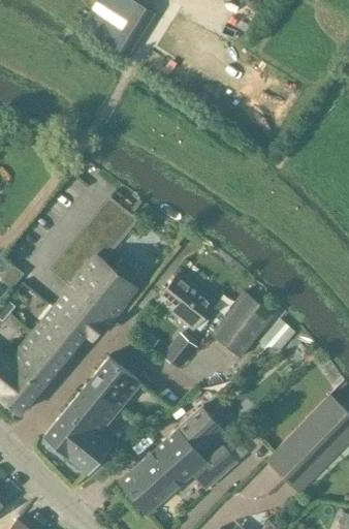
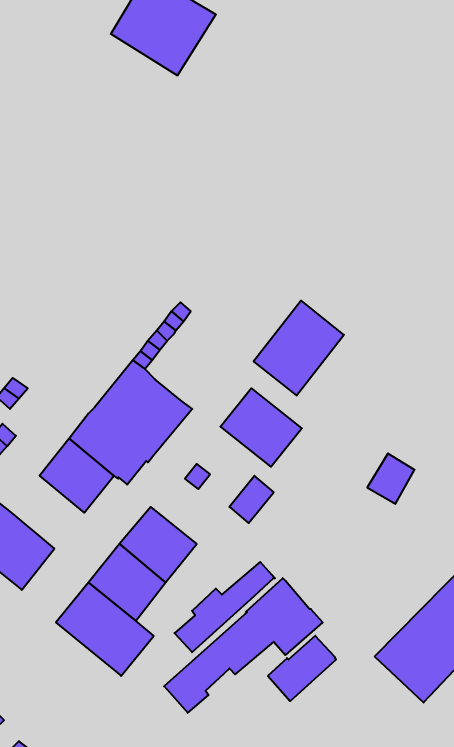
building: [211,292,274,359] -> [254,301,344,395]
building: [11,335,63,385] -> none
building: [135,450,205,514] -> [174,562,275,652]

